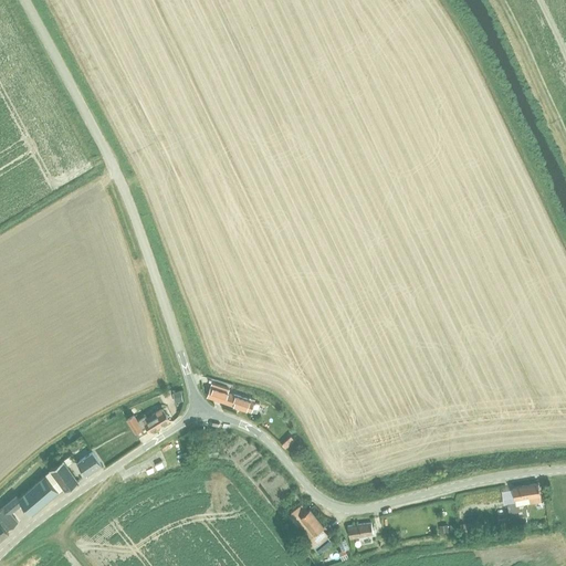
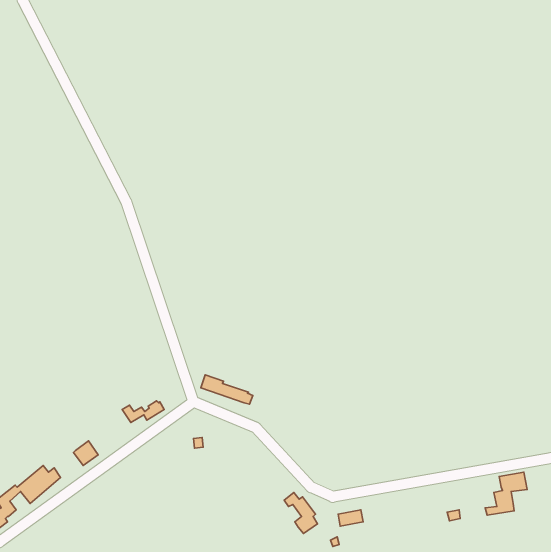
building: [49,458,77,491] -> none

